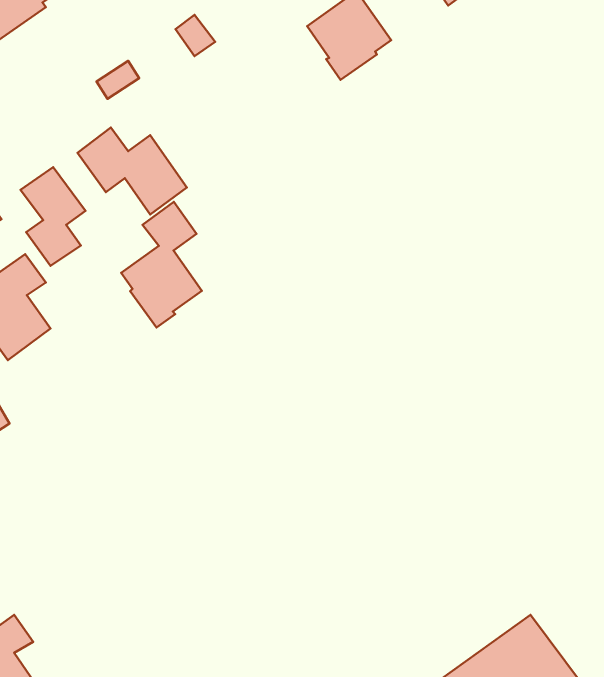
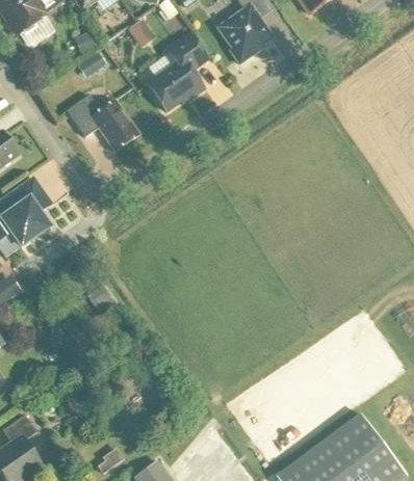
building: none -> [146,33,207,111]
building: [21,167,86,266] -> none
building: [121,202,202,328] -> none

